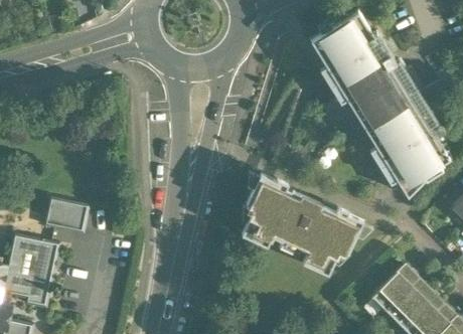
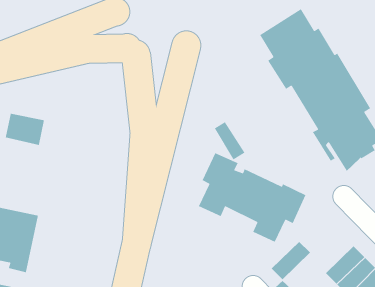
building: none -> [214,121,245,160]
building: [43,197,89,234] -> [5,113,45,146]
building: [371,266,417,310] -> [271,241,311,280]

